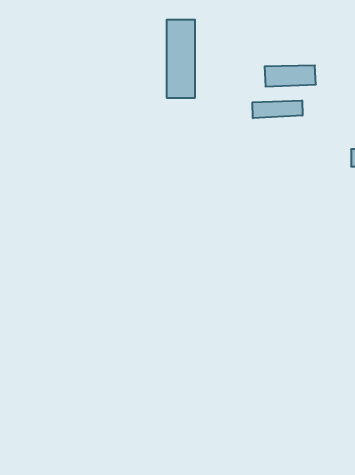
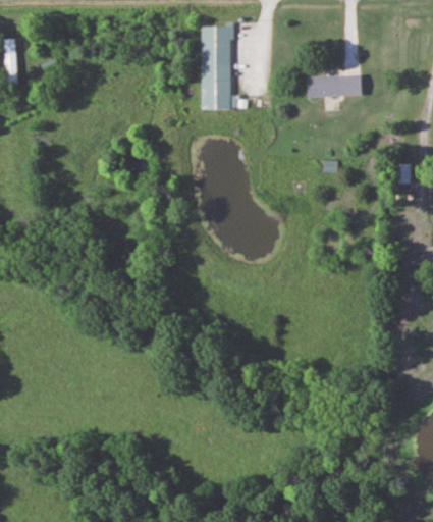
building: [253,100,302,118] -> none

